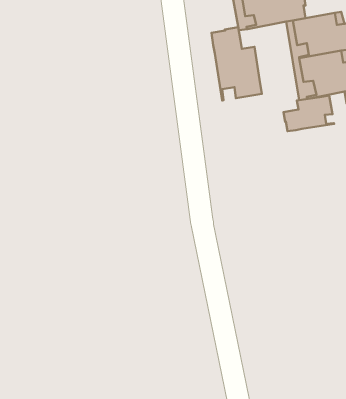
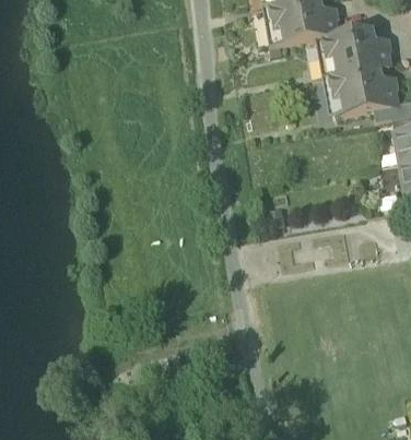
building: [211,27,262,100] -> none
building: [283,95,334,131] -> none

